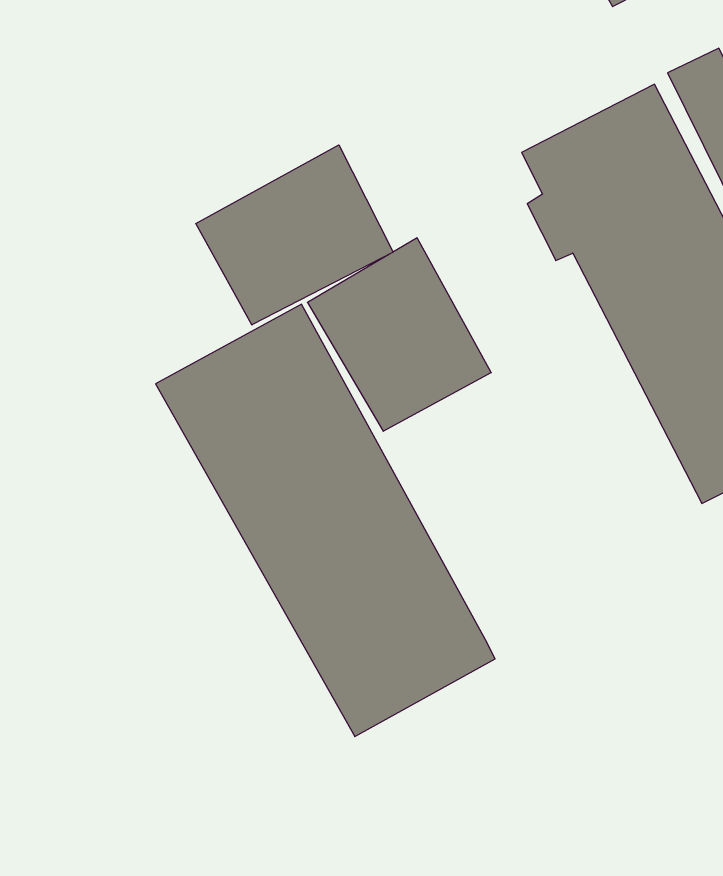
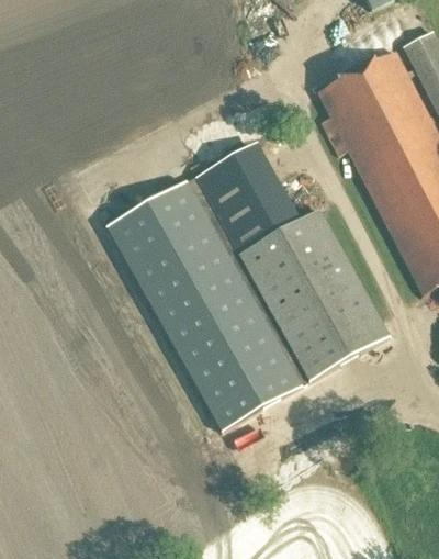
building: [196,145,393,325] -> none
building: none -> [238,209,390,380]

